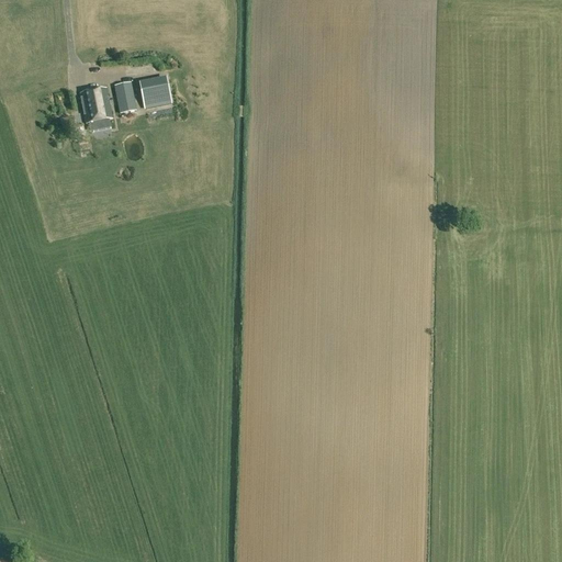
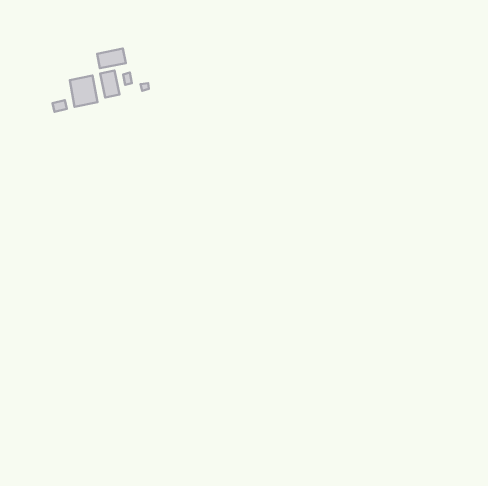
building: none -> [97,49,126,68]

